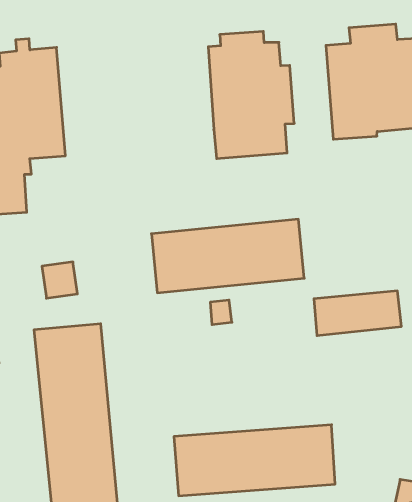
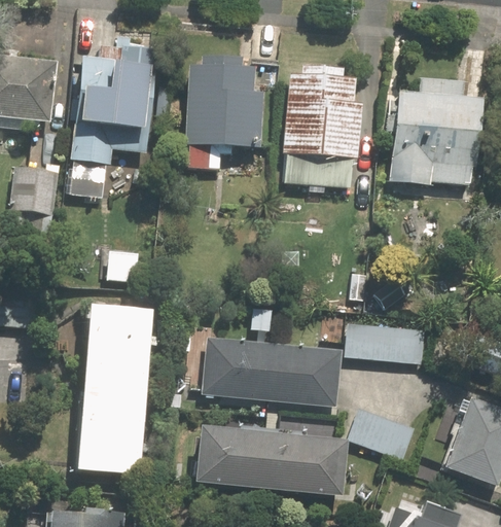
building: none -> [186,57,265,169]
building: [151,219,304,293] -> [202,340,342,405]
building: none -> [348,409,415,460]

